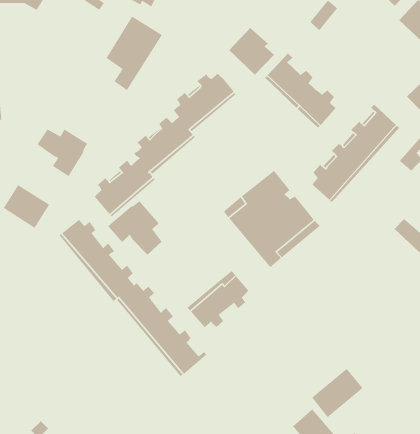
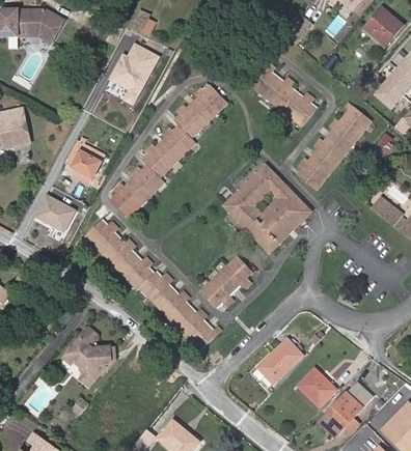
building: [228,27,275,75] -> none
building: [107,200,163,256] -> none
building: none -> [64,327,115,384]
building: [311,368,363,418] -> [257,338,302,383]

